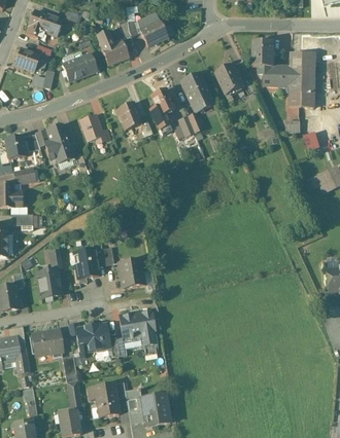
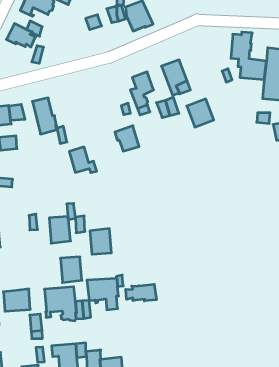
building: [100,40,128,65] -> none
building: [62,51,96,81] -> none
building: [215,64,245,95] -> [187,99,214,127]
building: [114,102,141,130] -> [115,126,139,151]
building: [79,114,110,142] -> [69,147,97,173]
building: [36,269,61,298] -> [60,257,82,283]
building: none -> [126,284,156,301]

